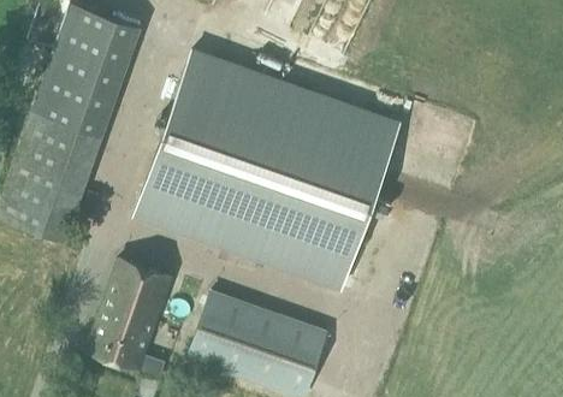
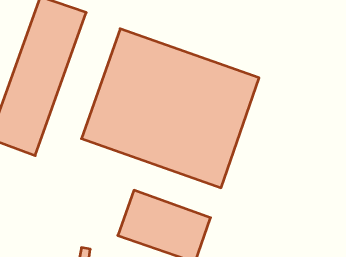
building: [87,257,172,368] -> none

